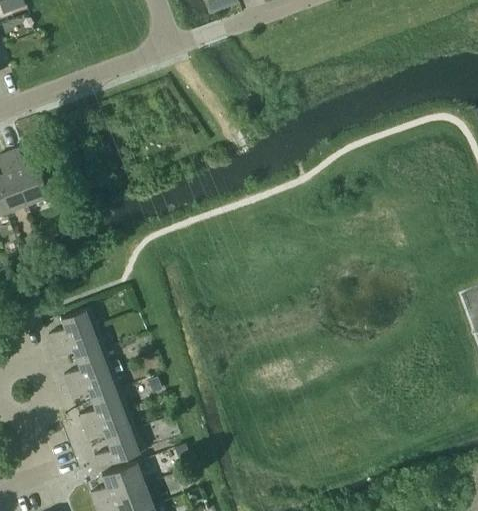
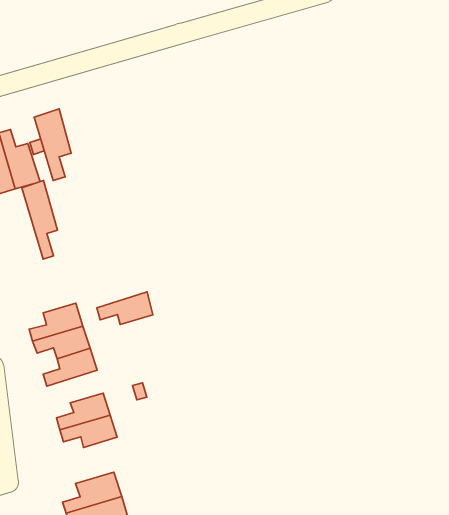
building: none -> [34,109,71,180]
building: none -> [22,181,57,259]
building: [68,369,121,401] -> [97,292,153,324]
building: [94,430,145,469] -> none

